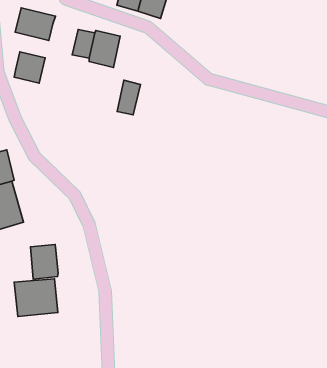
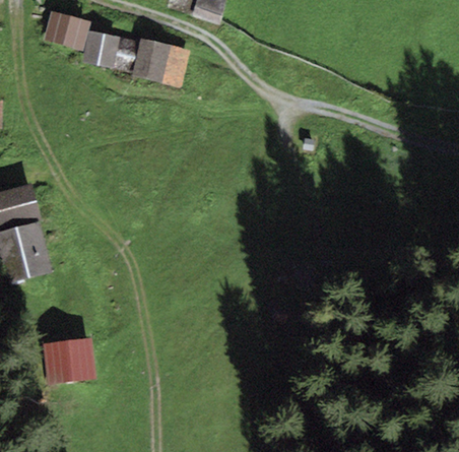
building: [14,52,45,83] -> [81,29,119,67]
building: [117,80,141,115] -> [161,45,190,86]
building: [31,244,58,279] -> none

